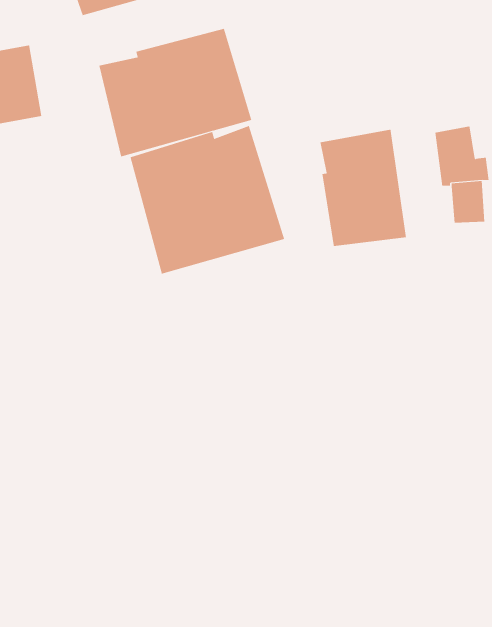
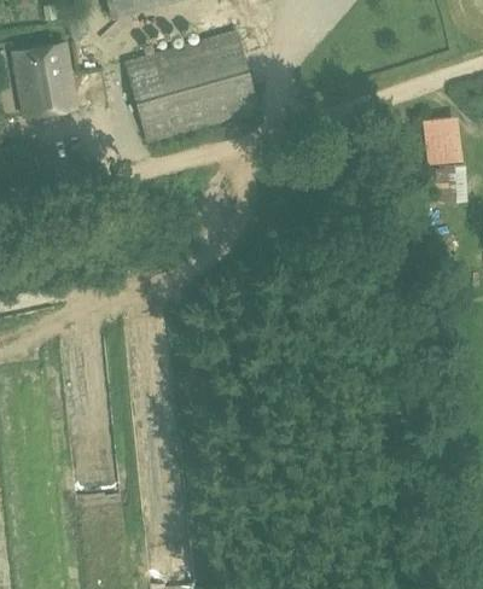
building: [130,125,285,274] -> none
building: [320,129,407,247] -> none

